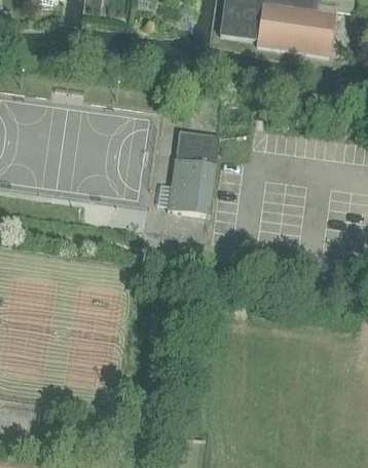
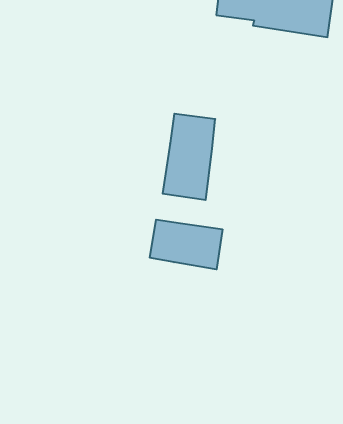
building: none -> [150,220,222,269]

